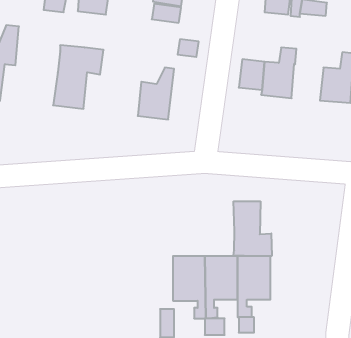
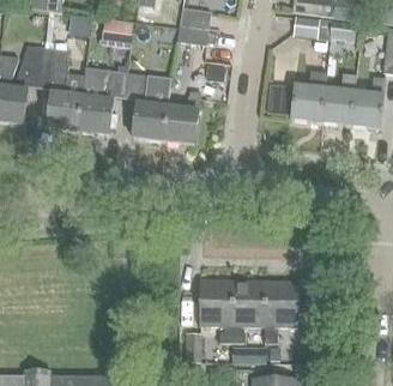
building: none -> [38,49,84,129]
building: none -> [125,73,170,140]
building: none -> [320,73,353,125]
building: [234,201,272,256] -> none

